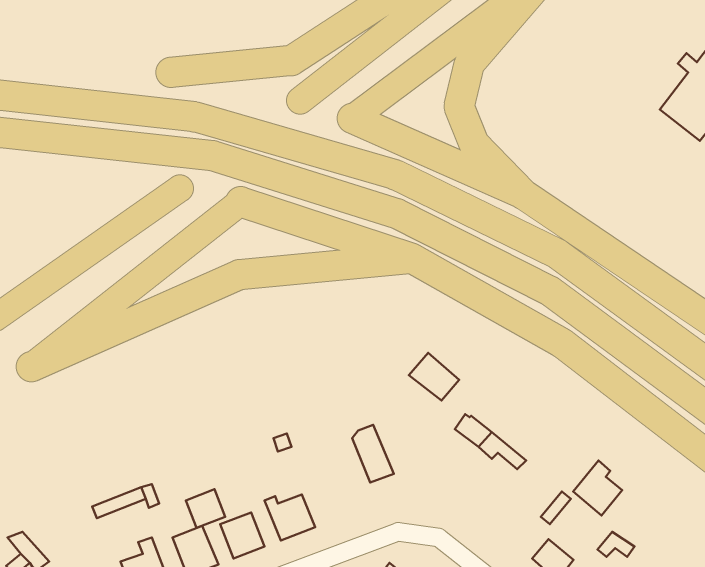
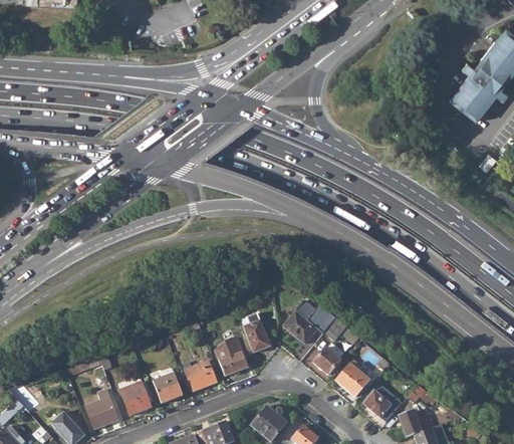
building: [409,353,459,401] -> [282,310,316,343]
building: none -> [215,337,248,376]
building: [573,460,622,515] -> [335,360,368,397]
building: none -> [312,342,343,374]
building: [186,489,225,528] -> none

